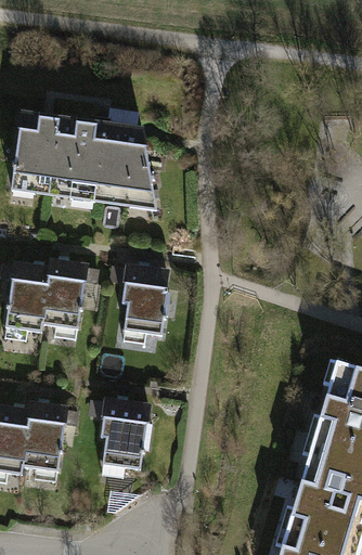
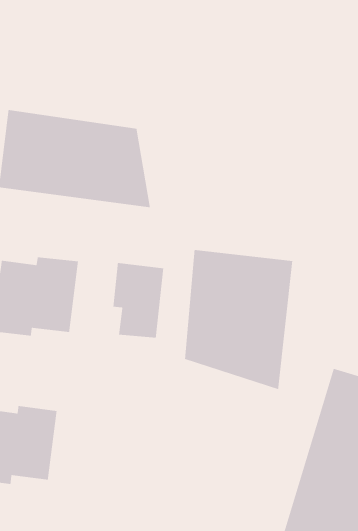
building: none -> [184,249,293,390]
building: [104,398,154,470] -> none

